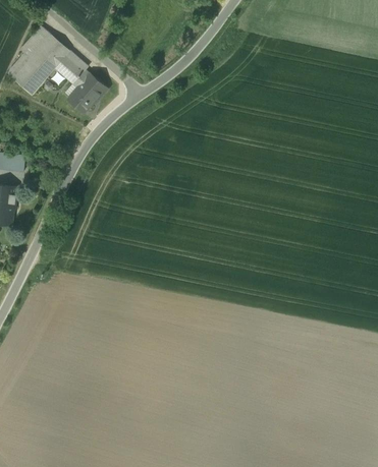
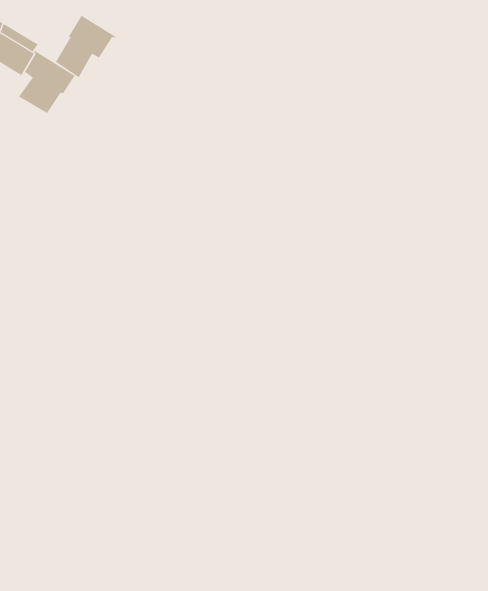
building: none -> [55,15,116,78]

